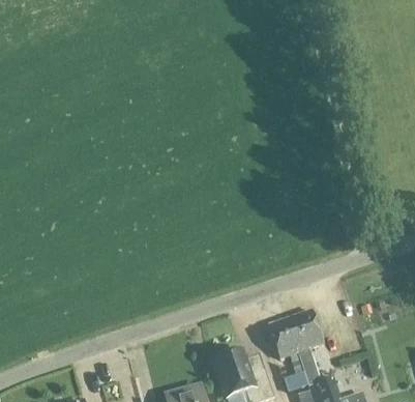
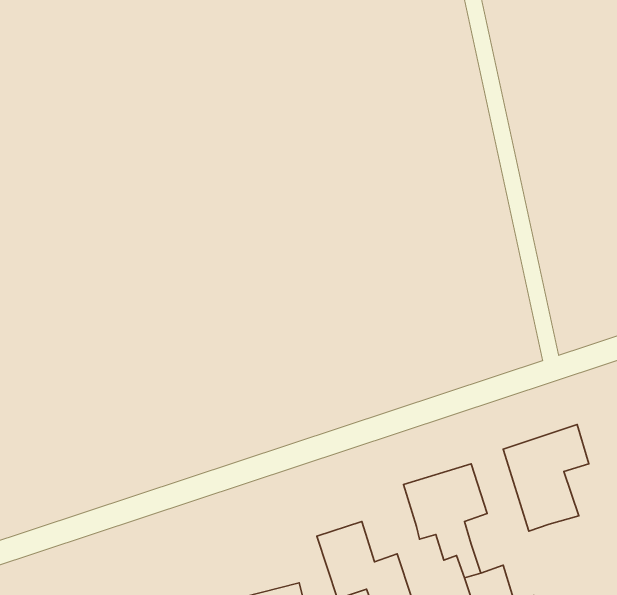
building: none -> [503,424,589,531]

